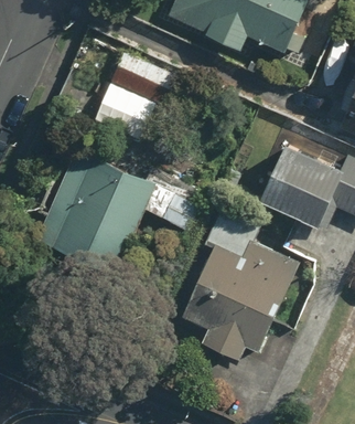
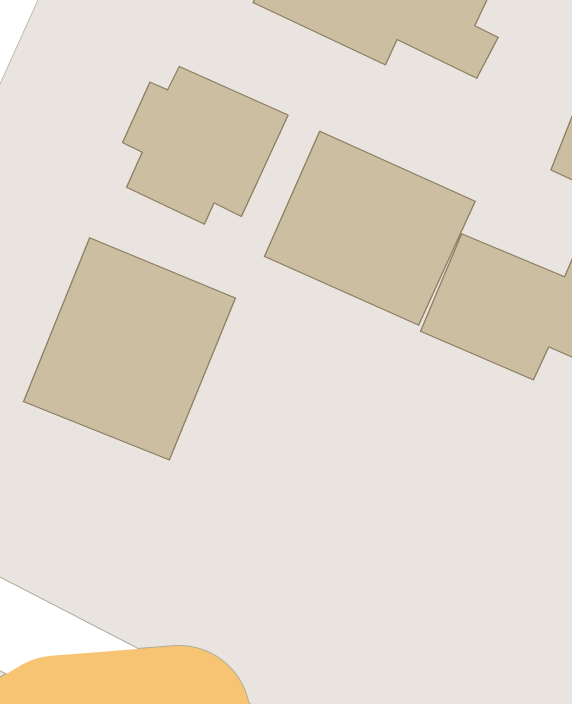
building: none -> [265,131,475,325]
building: [185,208,300,359] -> none

